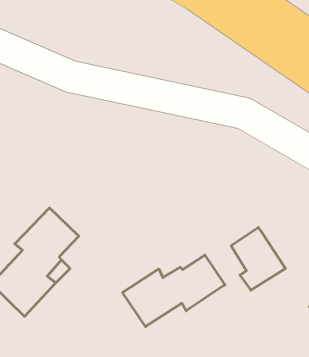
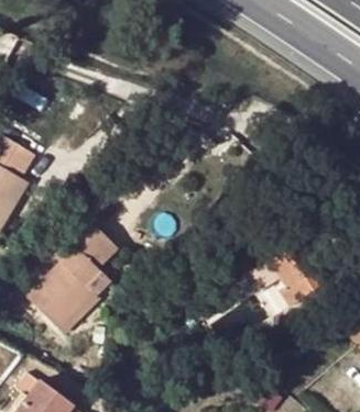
building: [123,255,225,327] -> none

